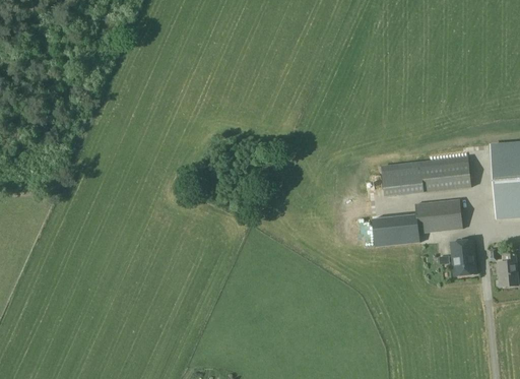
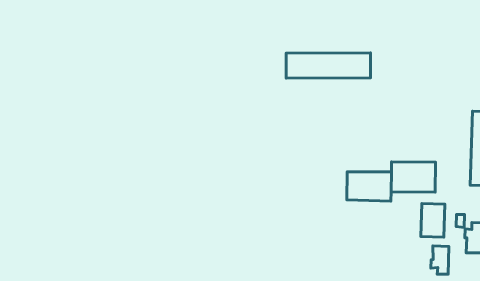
building: [382,163,470,198] -> [286,53,370,78]
building: none -> [431,246,449,274]

